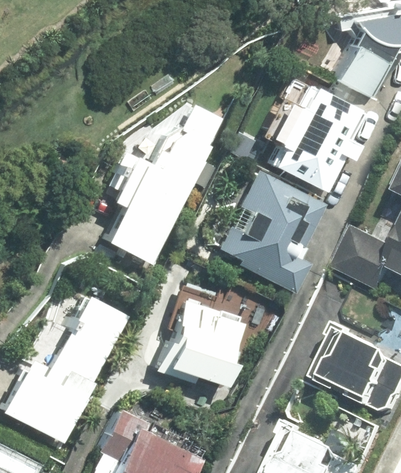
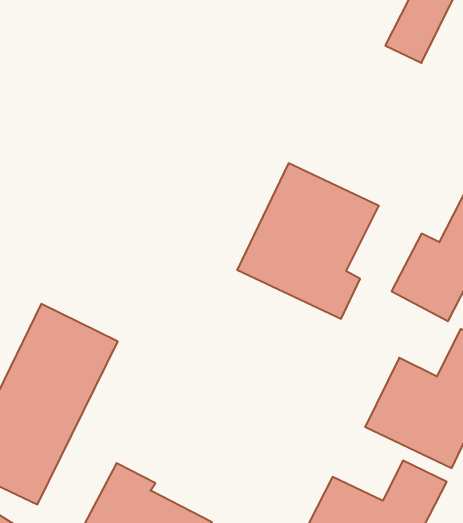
building: [275,84,375,192] -> none
building: [98,108,223,267] -> none
building: [155,295,254,389] -> none

